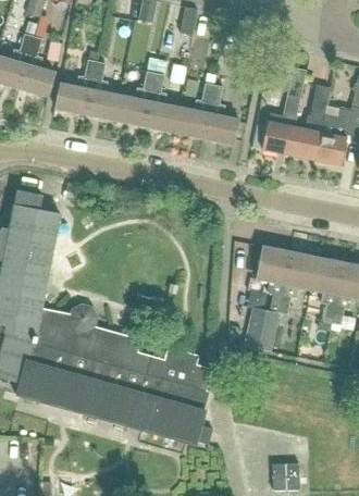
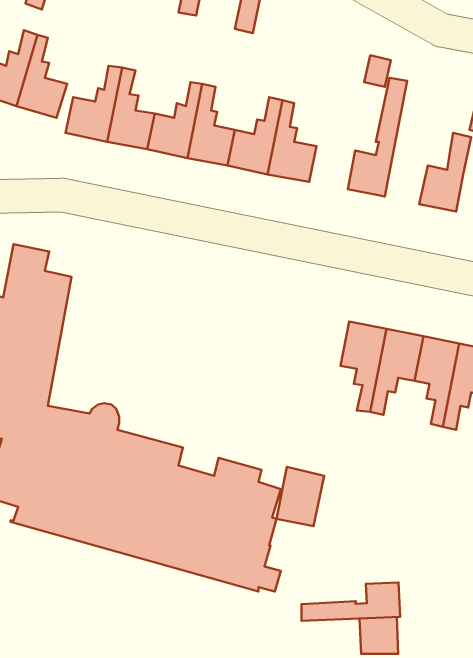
building: [289,85,330,160] -> none
building: [244,307,278,350] -> [276,467,324,526]
building: none -> [301,582,400,621]

